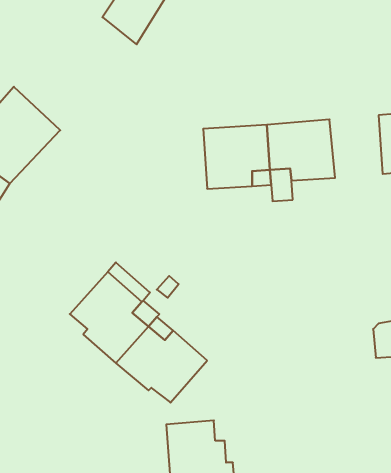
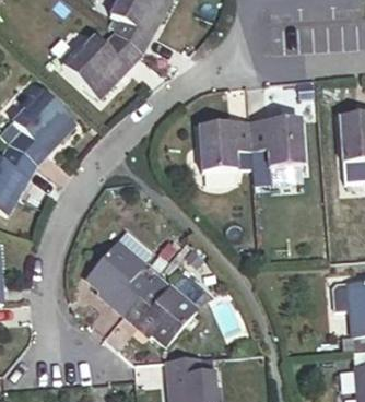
building: none -> [64,34,142,101]

